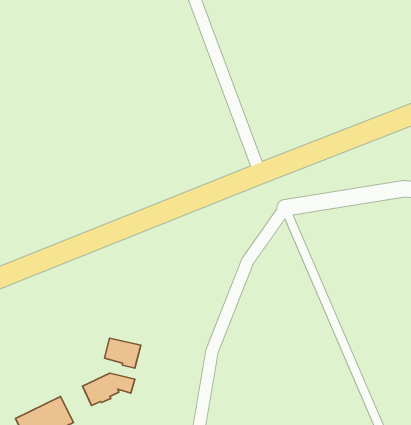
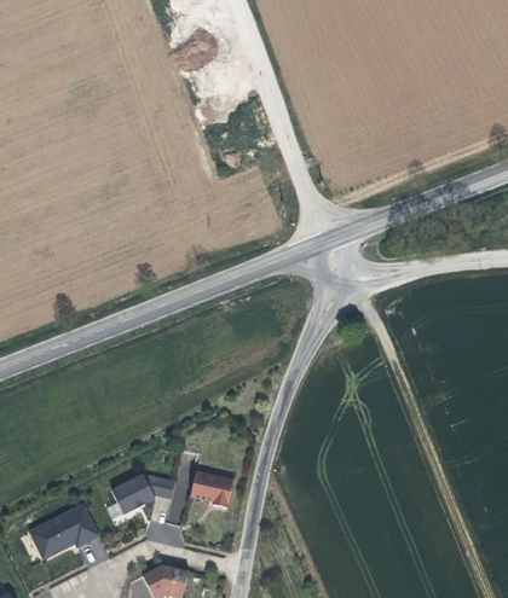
building: [105,338,141,368] -> [190,471,233,507]

